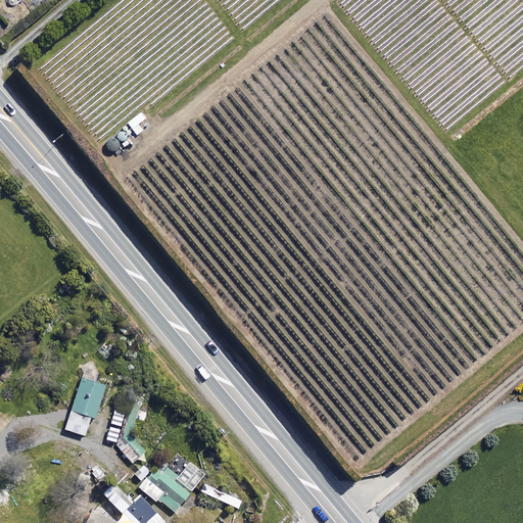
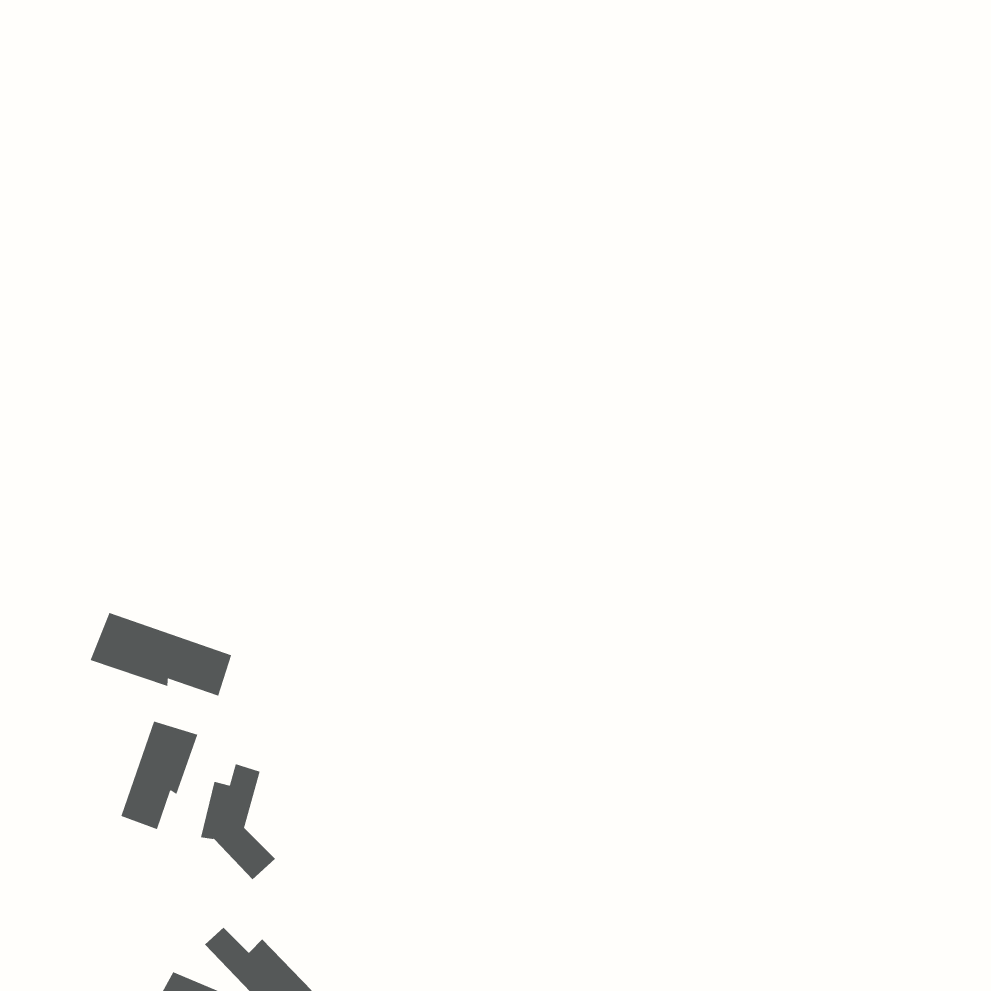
building: none -> [90,612,232,696]
building: [137,458,203,513] -> none

